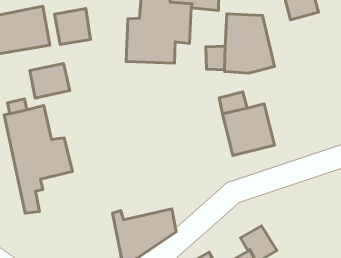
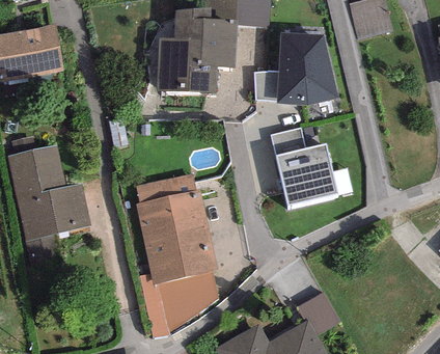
building: [54,9,91,45] -> none
building: [30,63,70,98] -> none
building: none -> [136,174,218,284]

